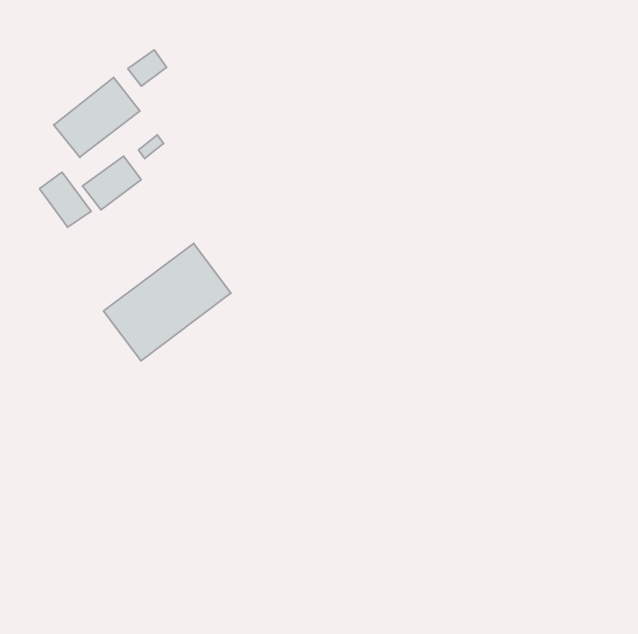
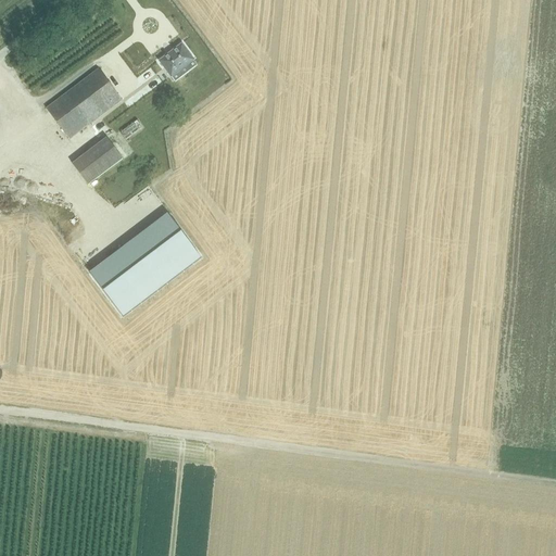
building: [128,50,167,86] -> [159,40,192,72]
building: [40,172,91,227] -> none

